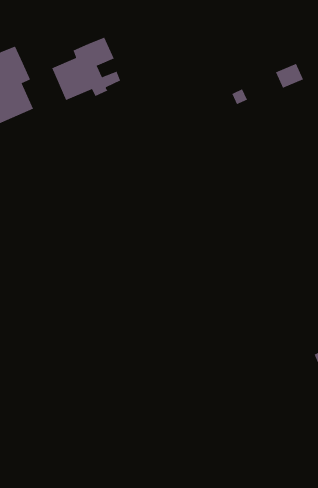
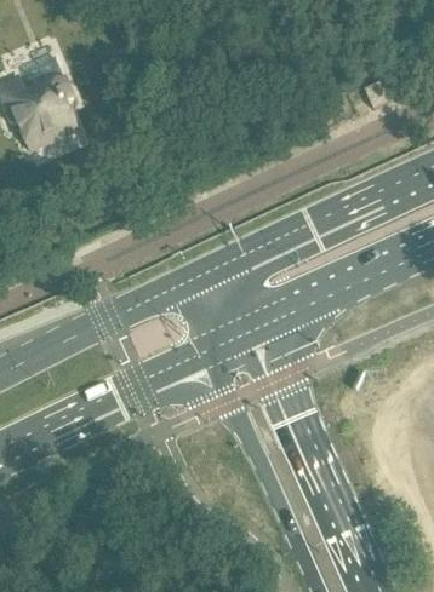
building: [52,37,121,101] -> none

